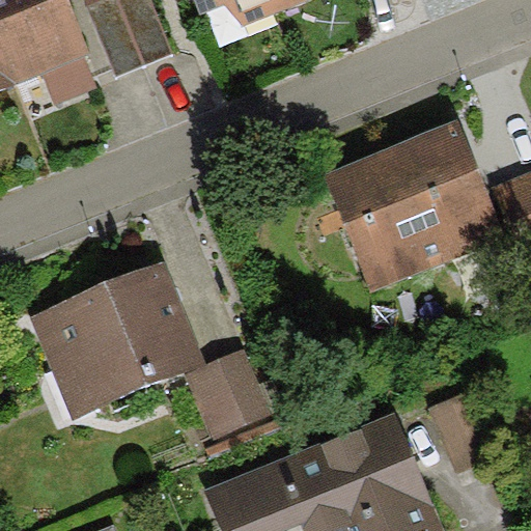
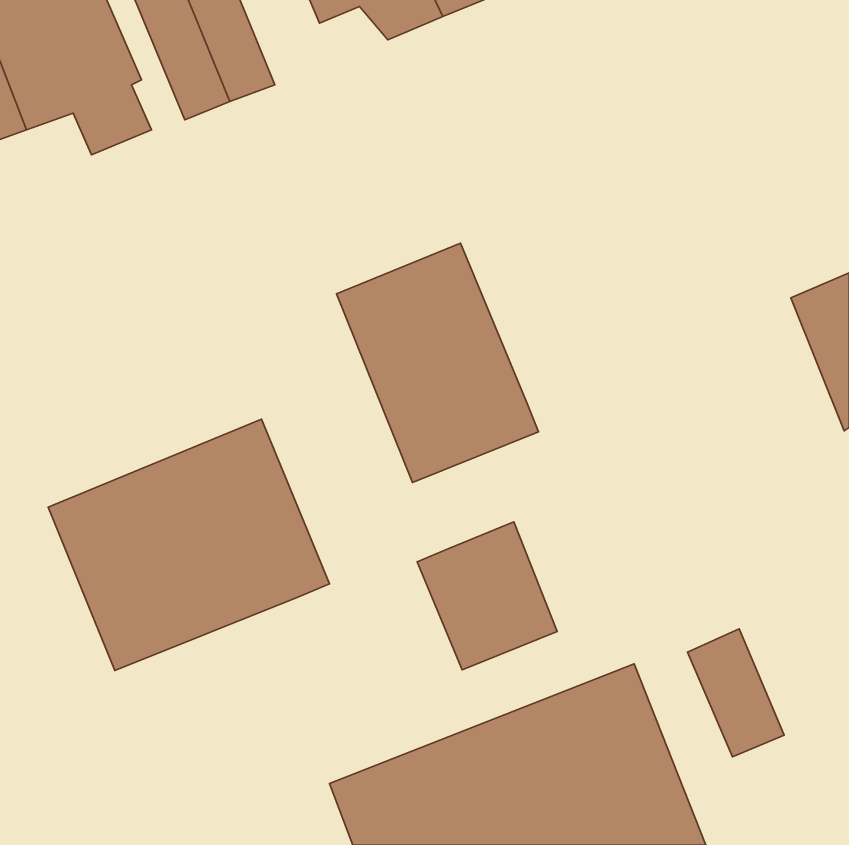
building: [323,120,505,292] -> none
building: none -> [336,243,539,482]
building: [186,347,273,440] -> [417,522,557,670]

